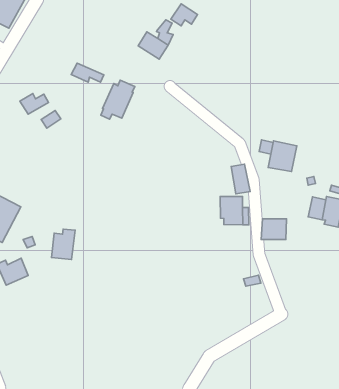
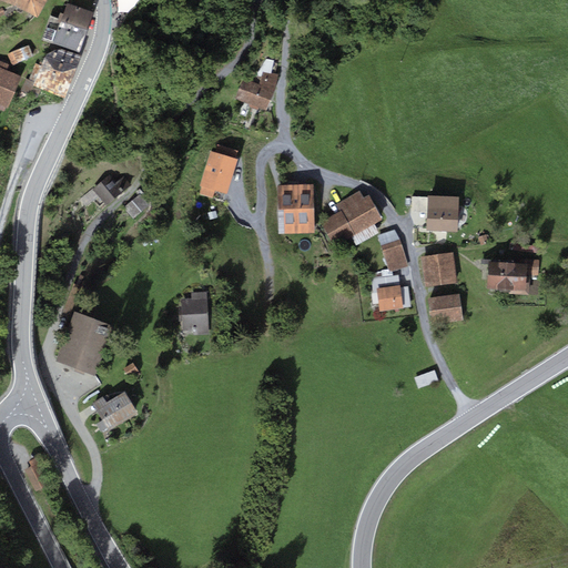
building: [171,4,198,26] -> none
building: [71,63,104,82] -> none
building: none -> [278,186,314,234]
building: none -> [320,191,382,247]
building: none -> [422,253,457,287]
building: [51,229,75,260] -> [181,292,209,332]

